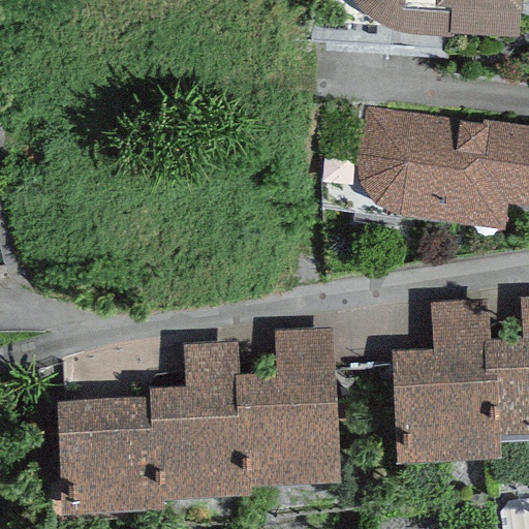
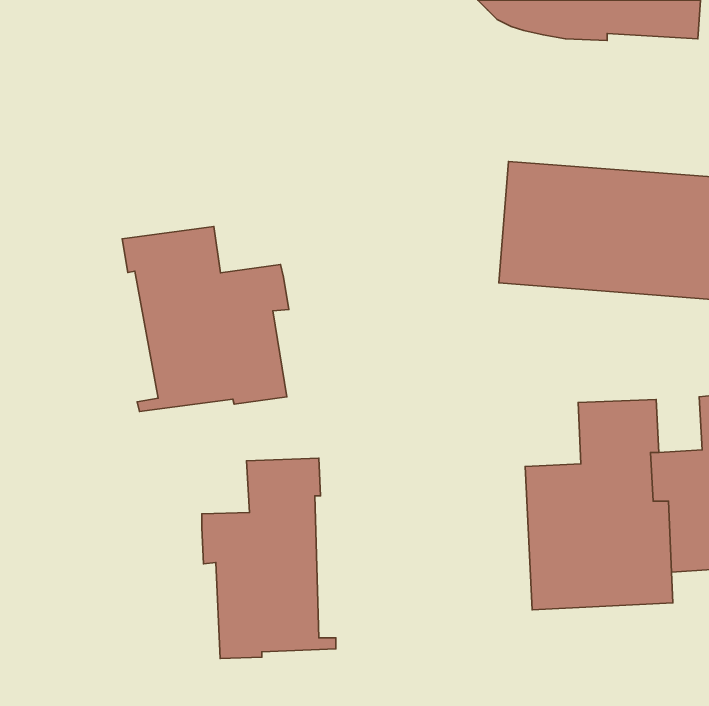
building: none -> [122,227,289,412]
building: [236,330,340,477] -> none
building: [57,396,166,505] -> none

